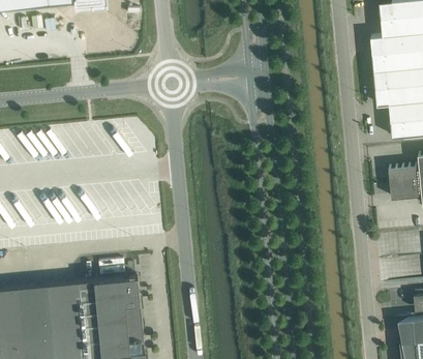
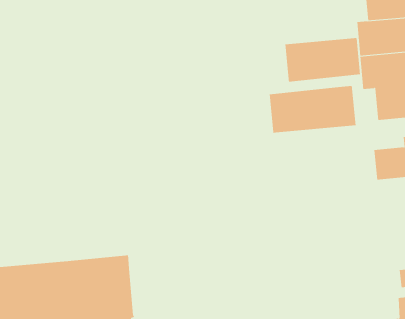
building: none -> [285,37,360,82]
building: none -> [269,85,356,134]

